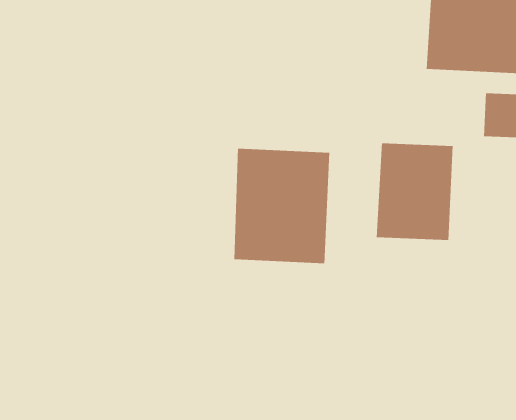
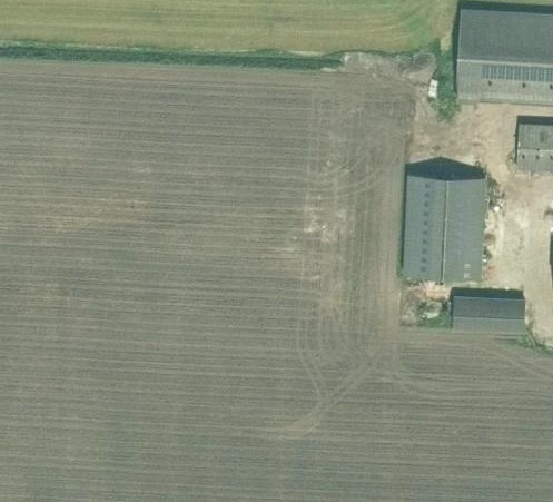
building: [234,148,330,264] -> none
building: none -> [455,297,523,332]

